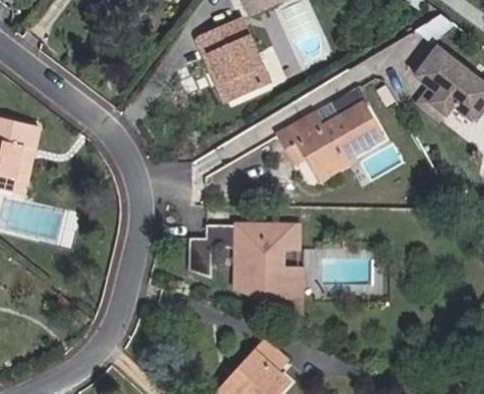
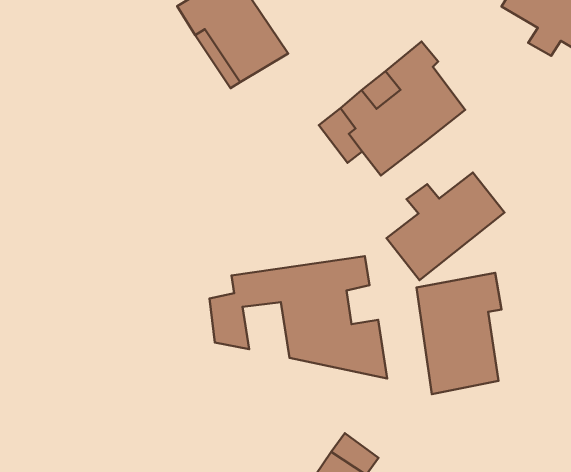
building: none -> [386,172,505,280]
building: none -> [416,273,502,394]

